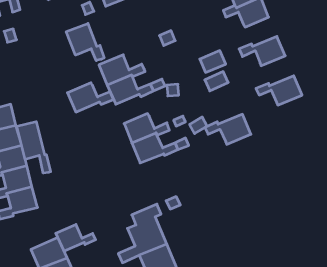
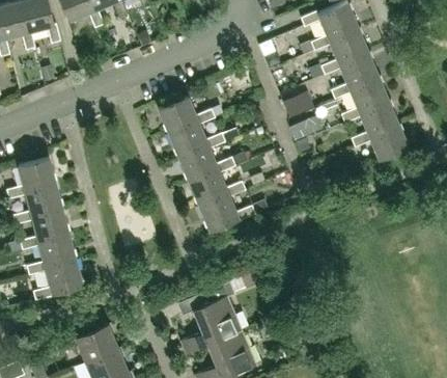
building: none -> [320,50,378,86]
building: [66,23,104,61] -> none
building: [67,83,114,112] -> [178,145,235,182]
building: [205,114,251,144] -> [341,98,398,135]
building: [17,122,51,173] -> none
building: [56,224,96,251] -> none

